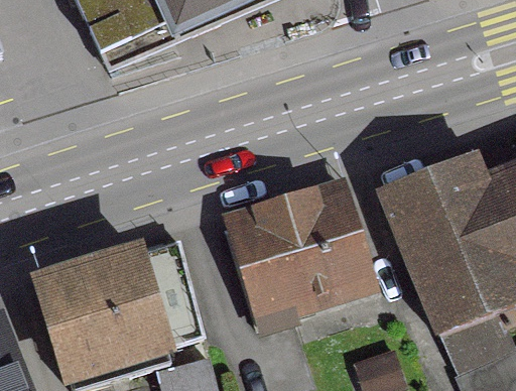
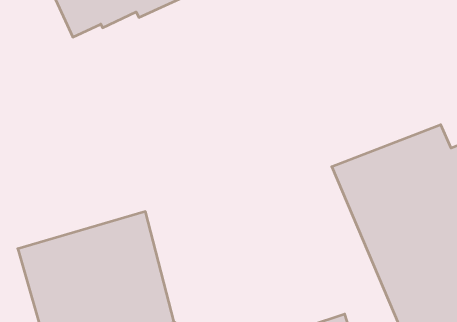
building: [221,186,370,327] -> none

